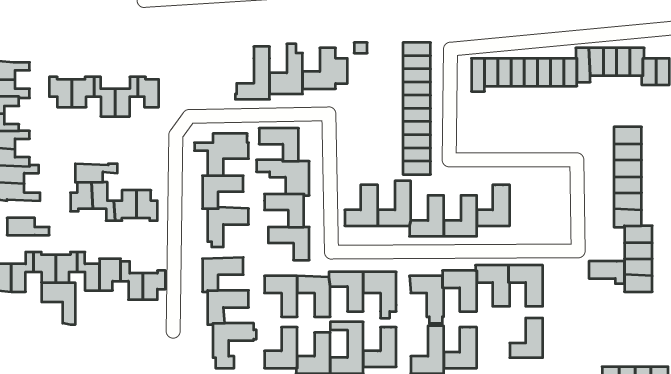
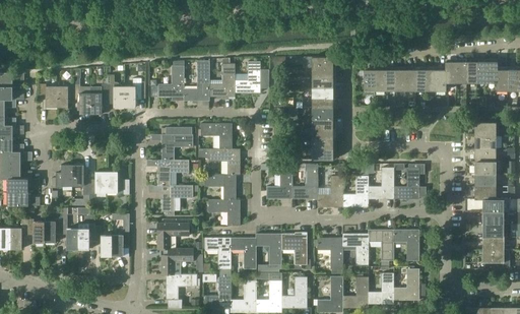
building: none -> [158,66,184,98]
building: none -> [124,79,146,108]
building: [75,164,117,182] -> [7,179,40,193]
building: none -> [394,168,419,199]
building: [589,261,624,284] -> [482,250,510,267]
building: [42,283,75,325] -> none
building: none -> [369,273,394,305]

